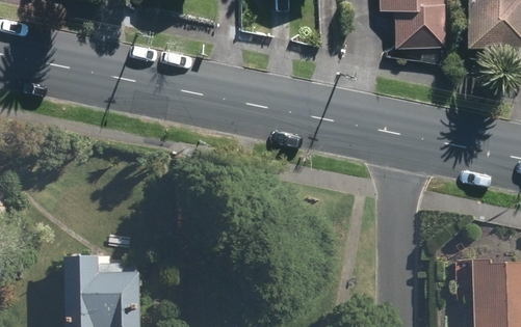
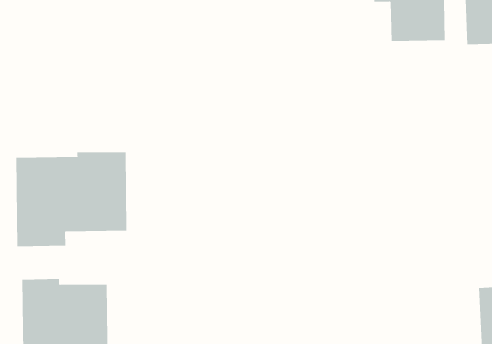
building: none -> [16,152,127,247]

